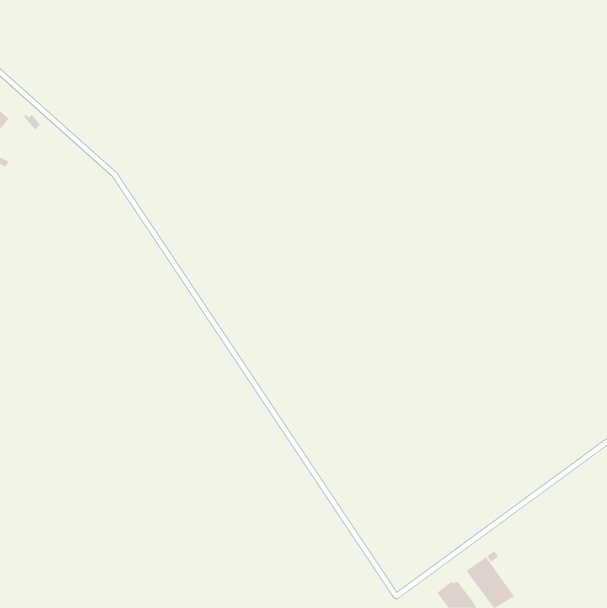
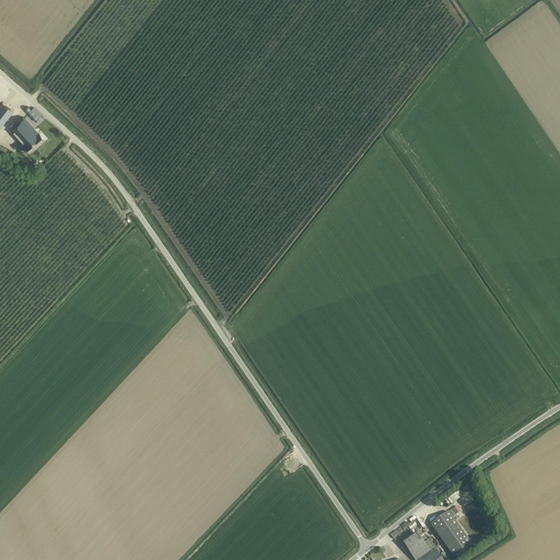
building: none -> [5,114,40,150]

